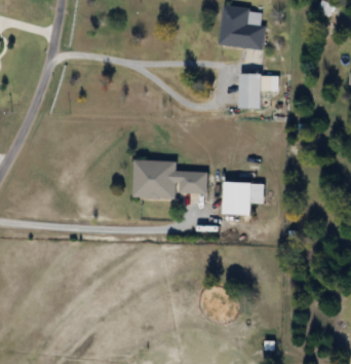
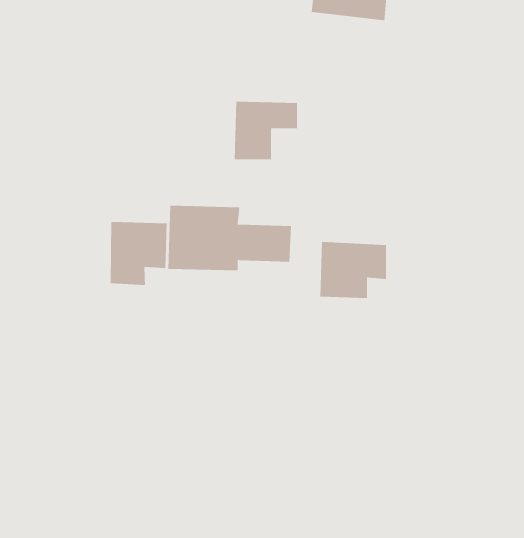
building: [239,74,277,109] -> [234,101,298,160]
building: none -> [110,221,167,286]

